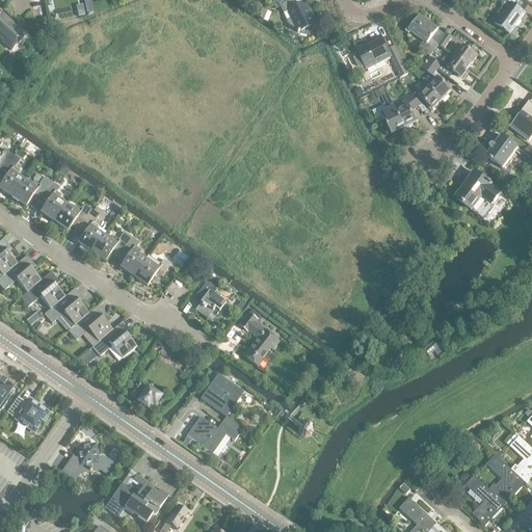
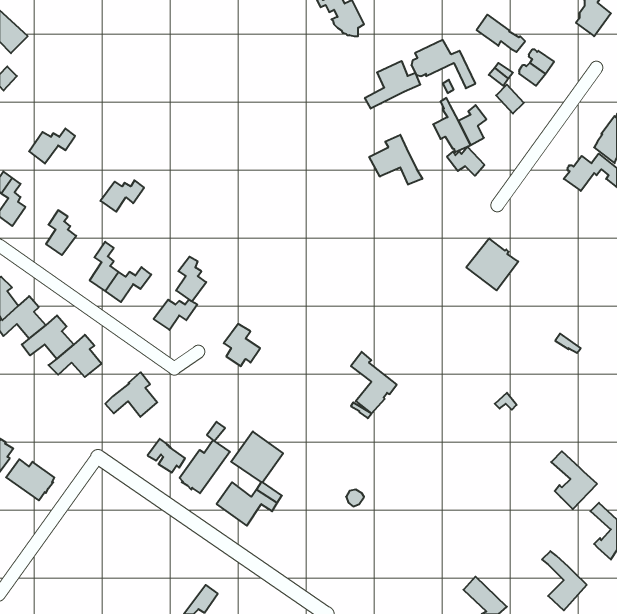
building: none -> [365,61,420,109]
building: [408,82,441,107] -> [447,147,484,176]
building: none -> [369,135,422,185]
building: [453,170,498,215] -> [466,238,518,290]
building: [10,175,50,205] -> [29,128,75,164]
building: [53,202,90,229] -> [100,180,144,212]
building: [118,236,144,274] -> [176,257,206,301]
building: [66,303,111,341] -> none
building: [238,311,277,364] -> [351,352,397,413]
building: none -> [180,440,230,493]
building: [60,443,112,479] -> none
building: [485,453,525,503] -> [551,451,597,509]
building: [109,473,167,522] -> none

